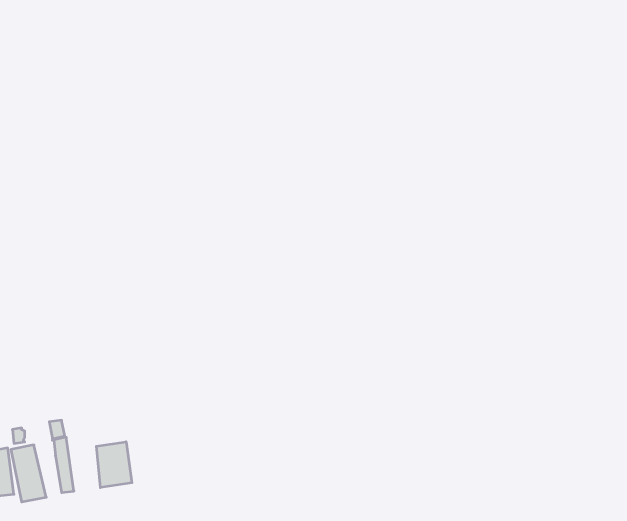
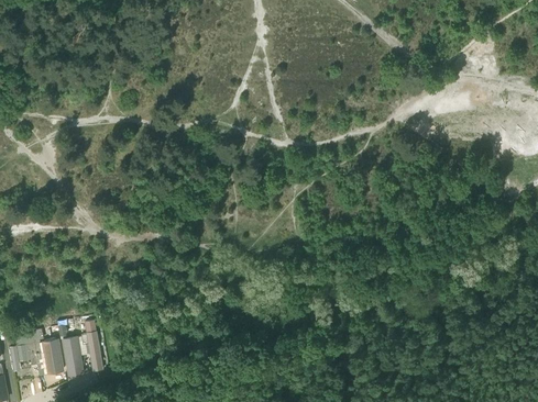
building: [96,442,132,488] -> none

